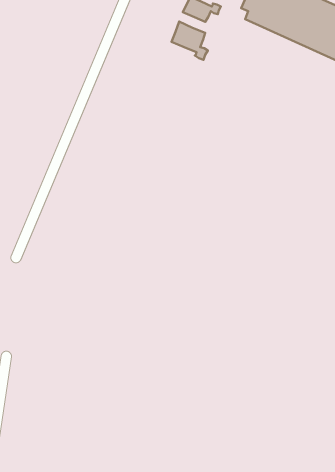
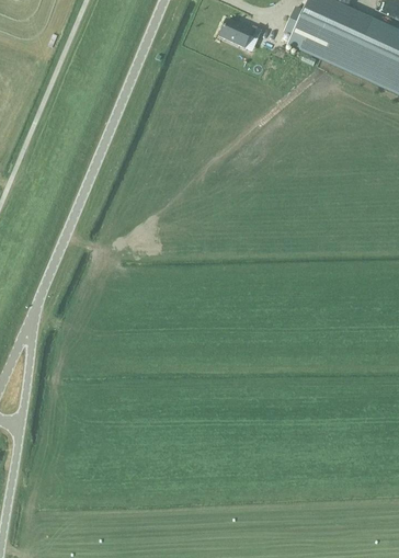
building: [172,22,208,60] -> none

